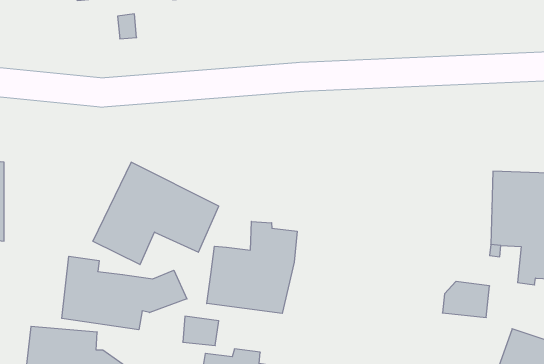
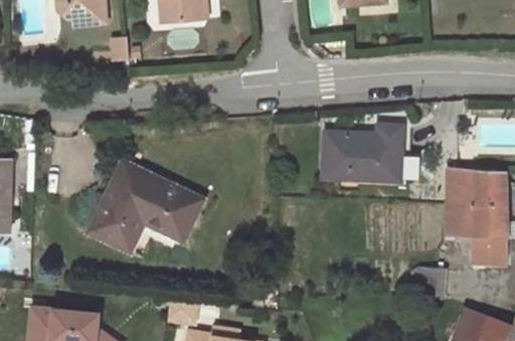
building: none -> [323,125,400,179]
building: [207,221,297,313] -> none
building: [62,256,187,330] -> none

